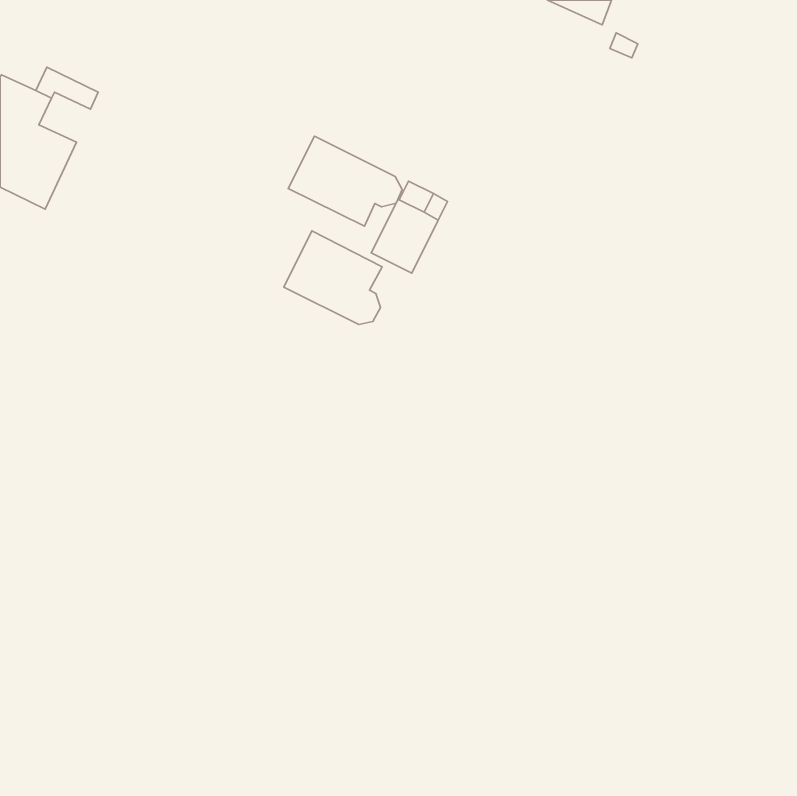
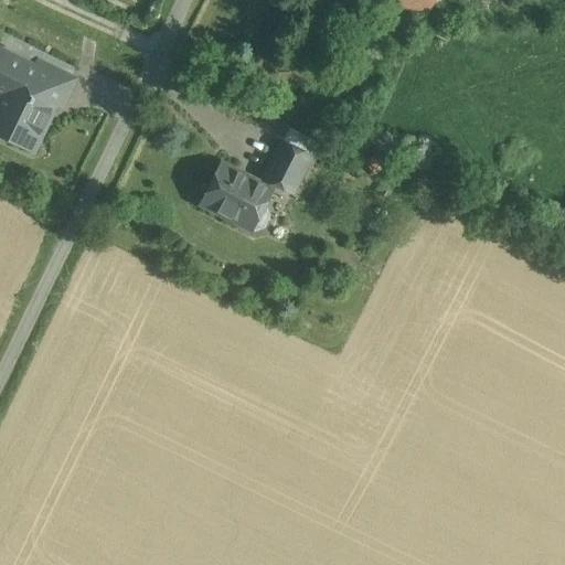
building: none -> [28,66,71,104]
building: [288,136,402,226] -> none

